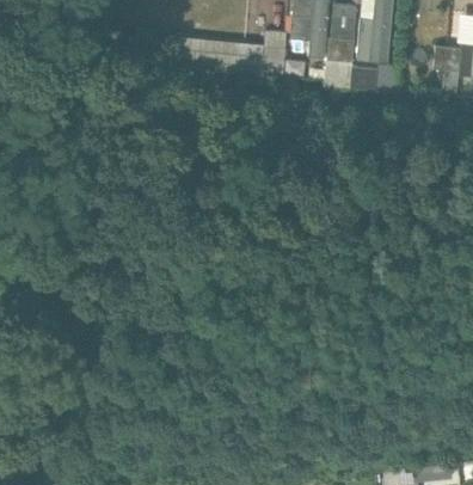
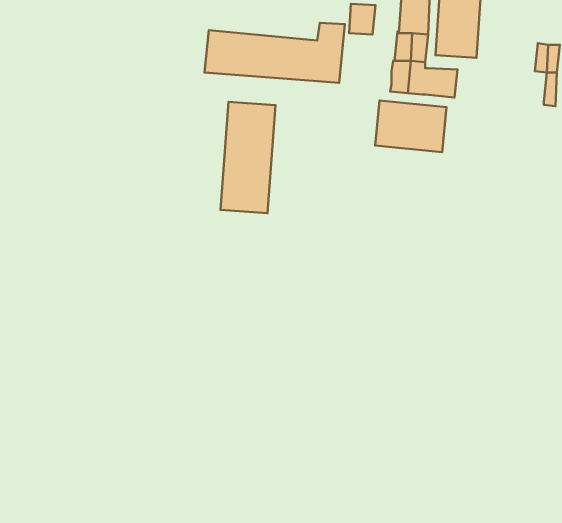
building: none -> [375,100,447,152]
building: none -> [220,102,276,213]

